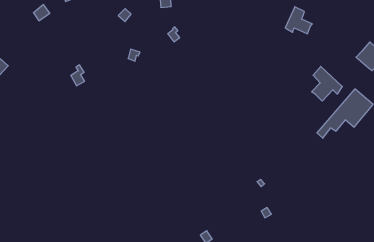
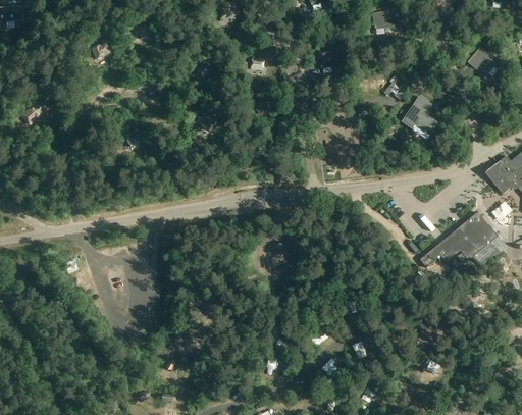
building: [312,66,342,101] -> none

